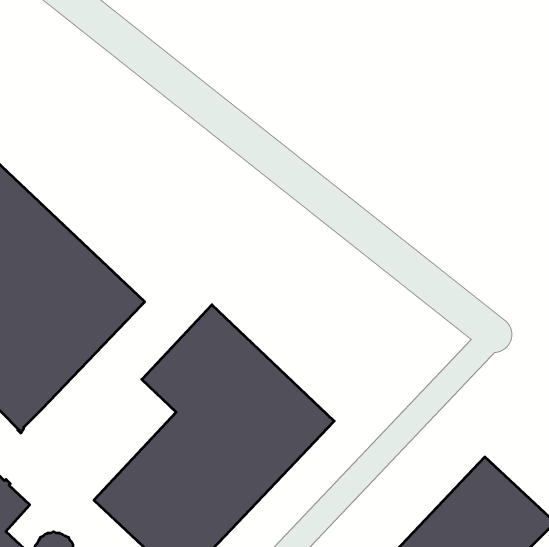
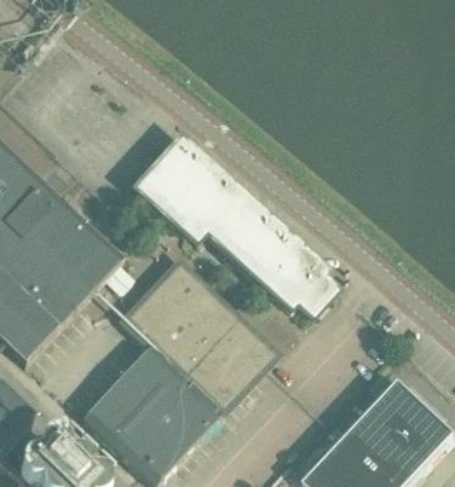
building: none -> [134,140,335,319]

